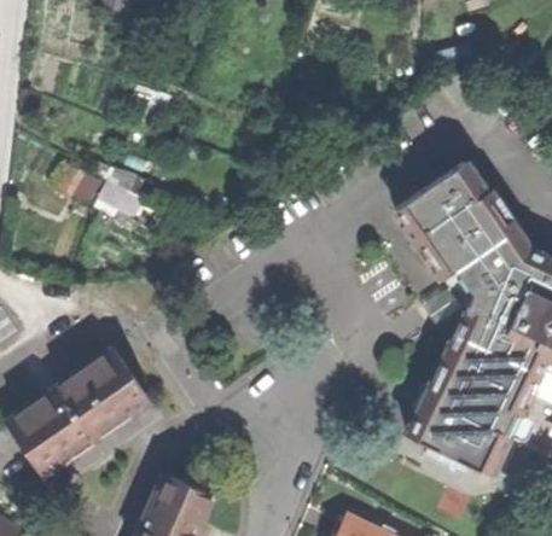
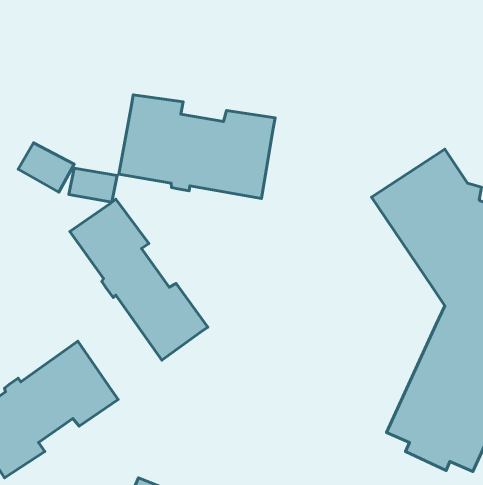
building: none -> [119,95,275,199]
building: none -> [70,199,208,360]

